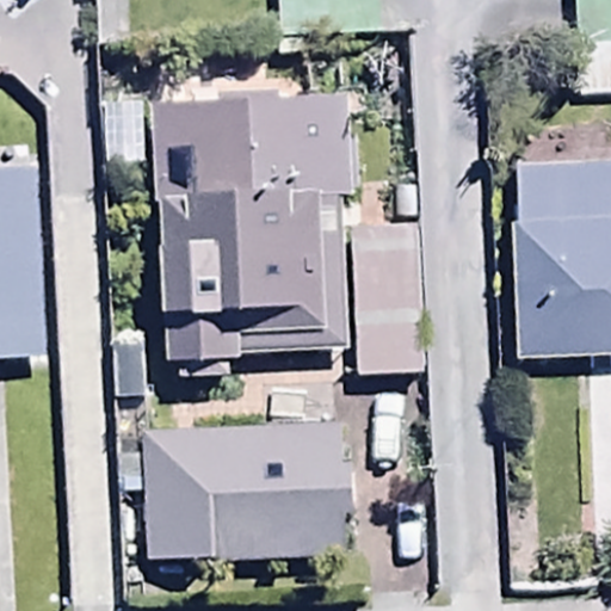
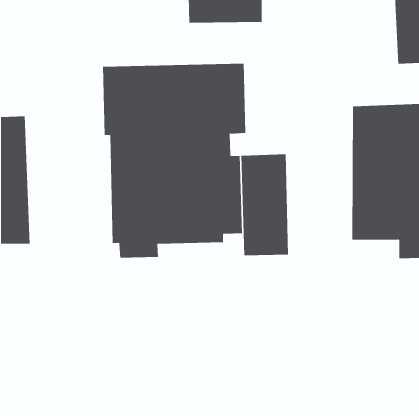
building: [143,422,352,557] -> none

